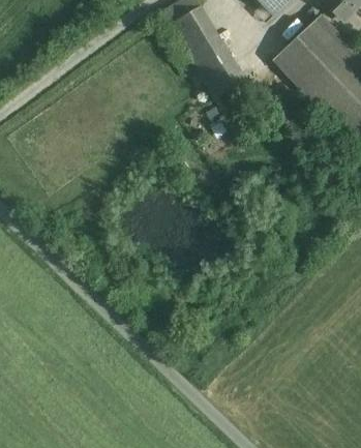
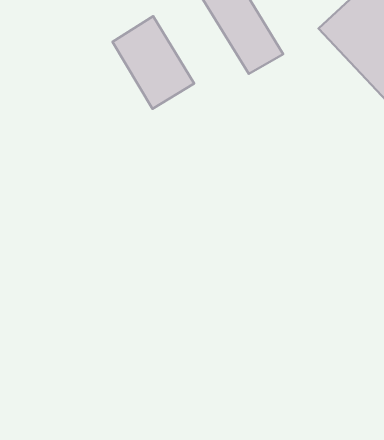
building: none -> [113,16,194,109]

